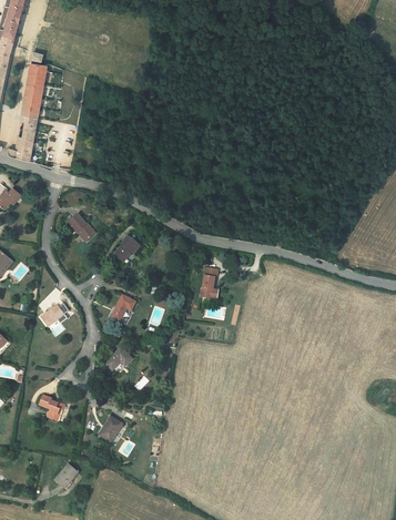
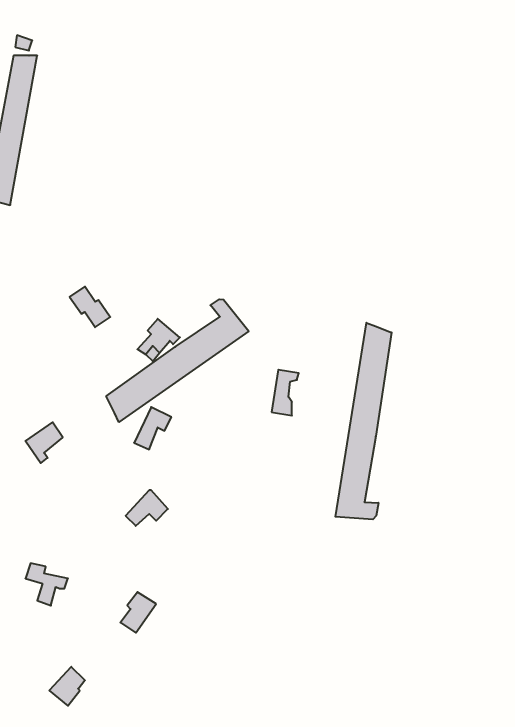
building: none -> [106,299,249,422]
building: none -> [335,323,392,519]

